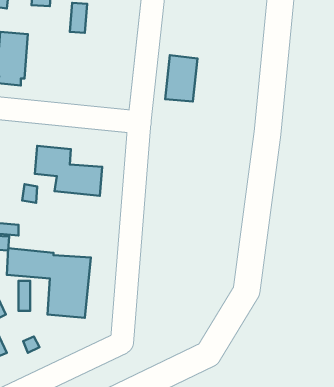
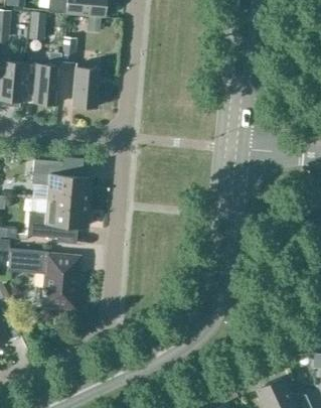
building: none -> [33,63,61,104]
building: [165,55,198,102] -> [72,66,101,107]
building: none -> [28,198,89,238]

